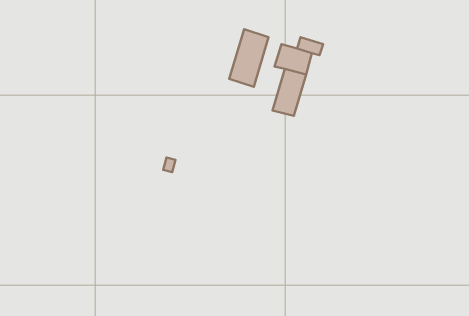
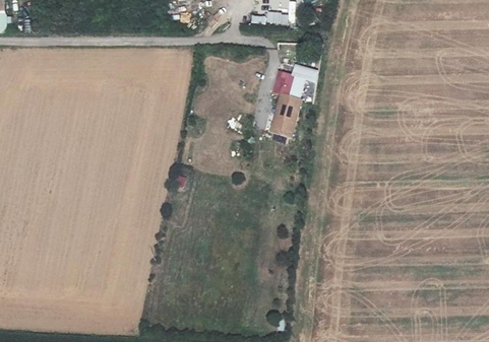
building: [229,29,269,87] -> none

